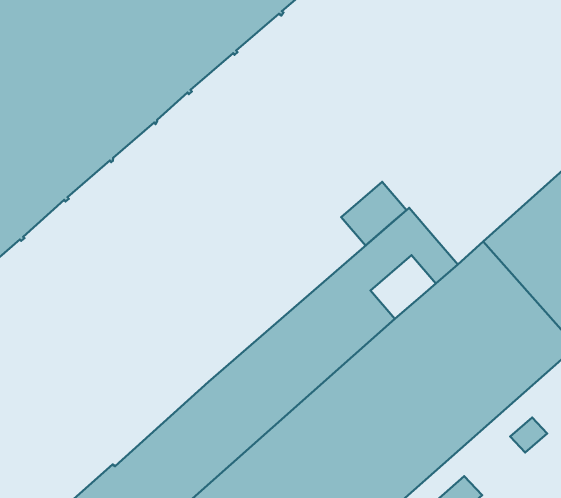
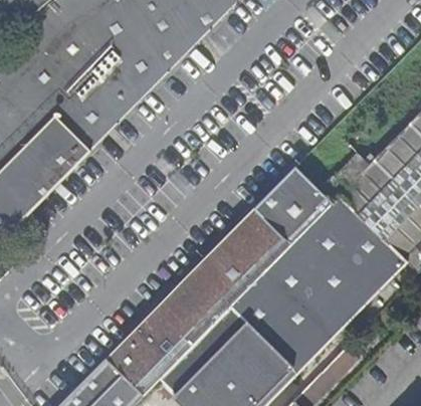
building: [341,182,406,245] -> [273,198,318,242]

